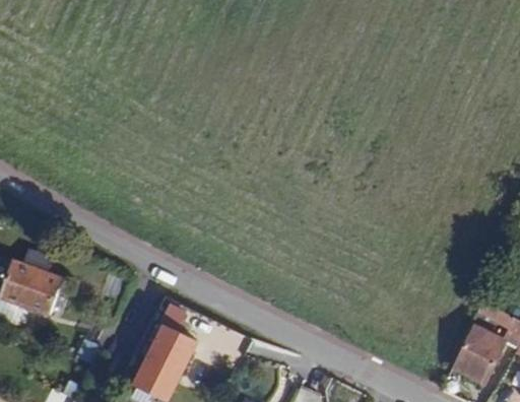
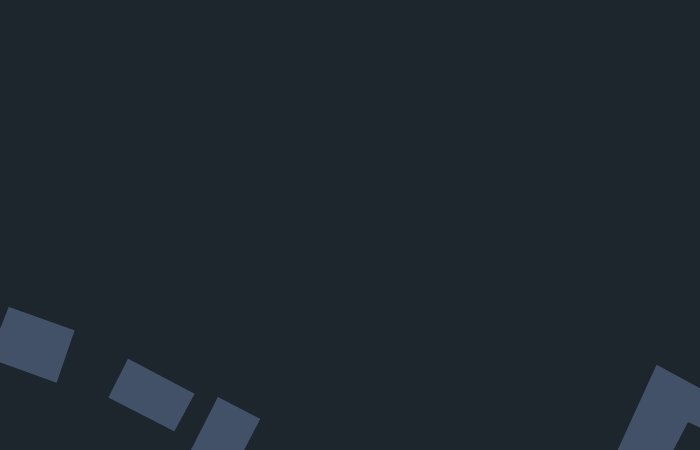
building: none -> [107,358,196,432]

